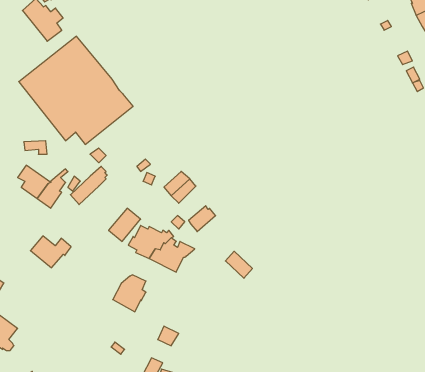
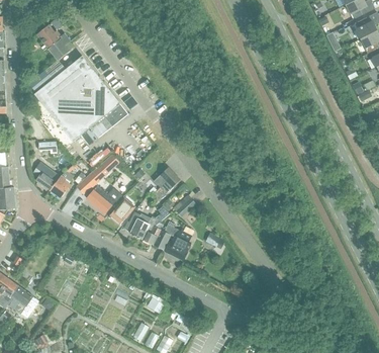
building: [30,236,71,268] -> [87,186,120,212]
building: [113,275,146,312] -> [164,230,191,260]

